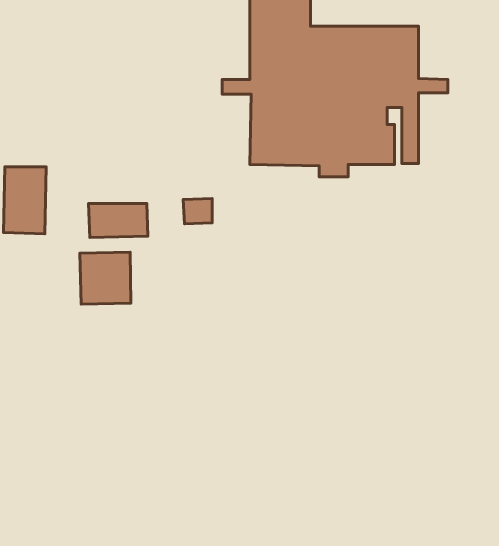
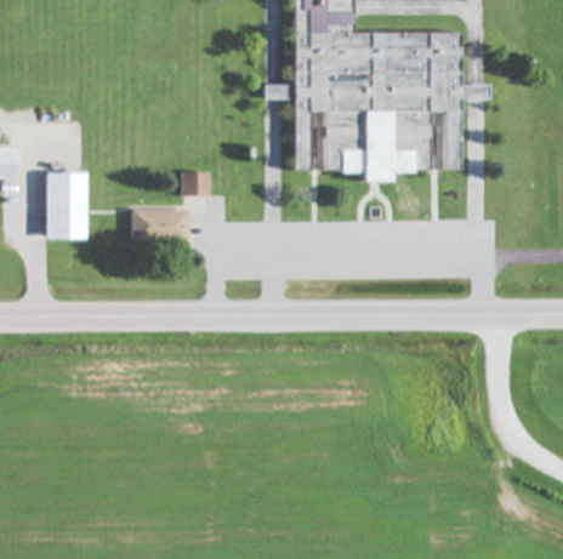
building: [183,198,212,224] -> [181,171,210,196]
building: [80,252,131,304] -> none

